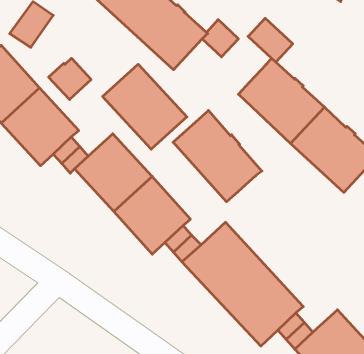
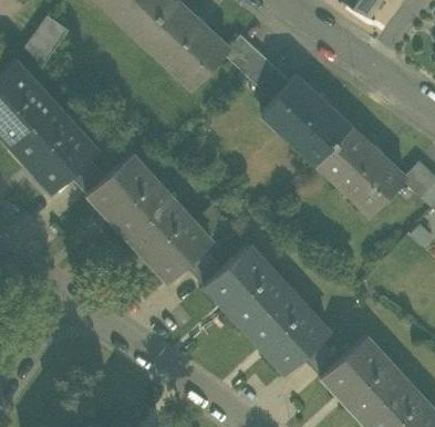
building: [248,18,293,62] -> [245,56,291,102]
building: [49,58,91,100] -> none
building: [103,64,187,149] -> none
building: [173,110,262,202] -> none

